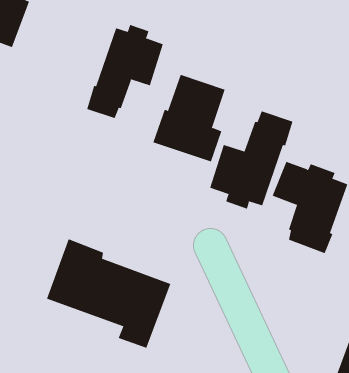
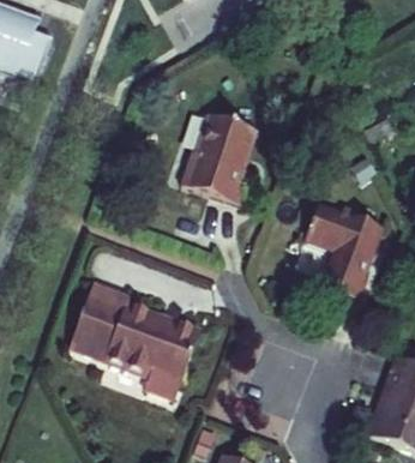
building: [86,24,164,119] -> none
building: [209,111,293,209] -> none

